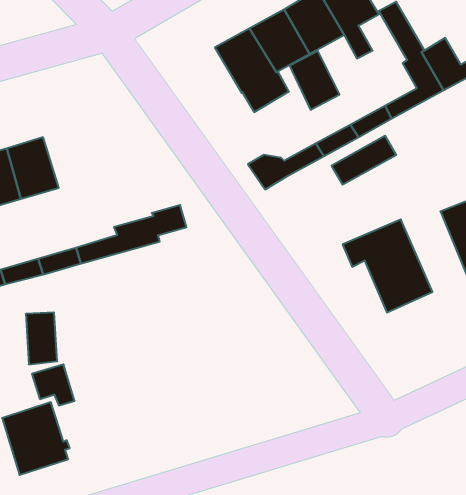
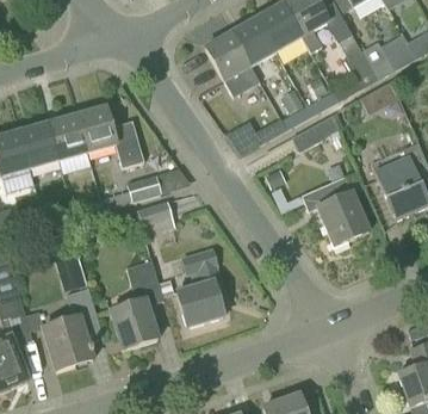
building: [290,51,339,110] -> none
building: none -> [74,106,142,167]
building: none -> [138,198,175,234]
building: none -> [175,248,224,327]
building: none -> [108,259,163,352]

